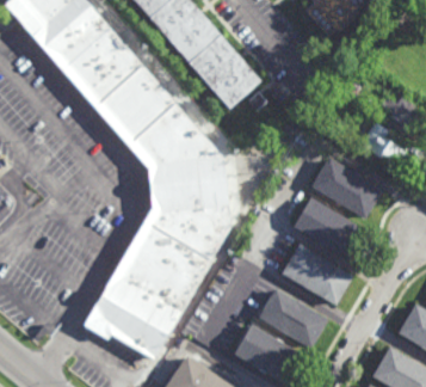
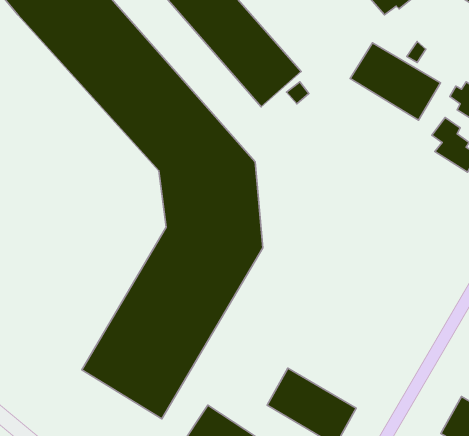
building: [310,159,383,221] -> [350,43,441,120]
building: [292,194,365,257] -> none
building: [282,241,354,305] -> none
building: [257,285,329,346] -> none

